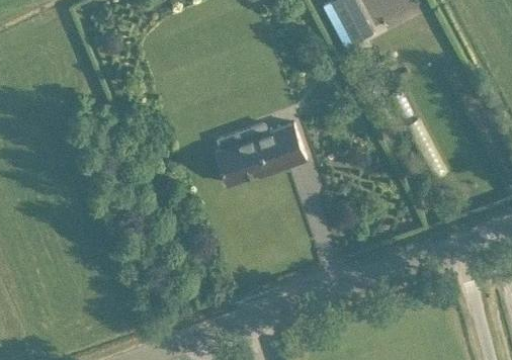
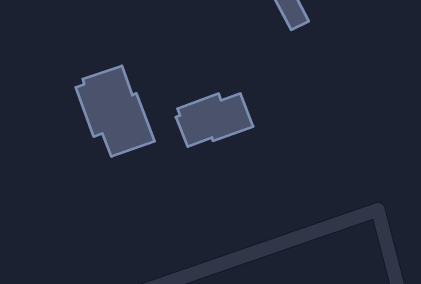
building: none -> [76,66,155,157]

